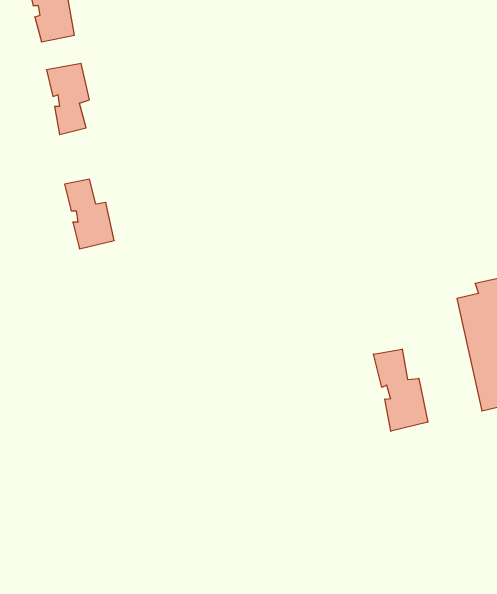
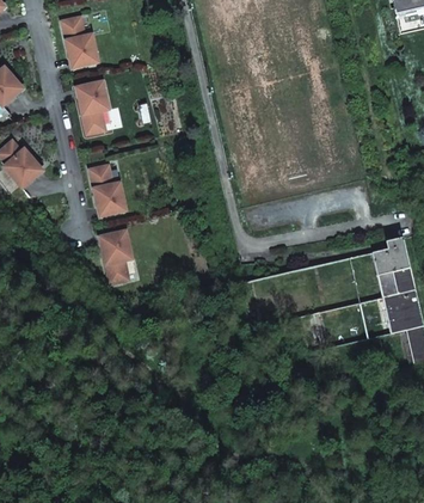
building: none -> [100,229,131,282]
building: [373,349,428,431] -> none

